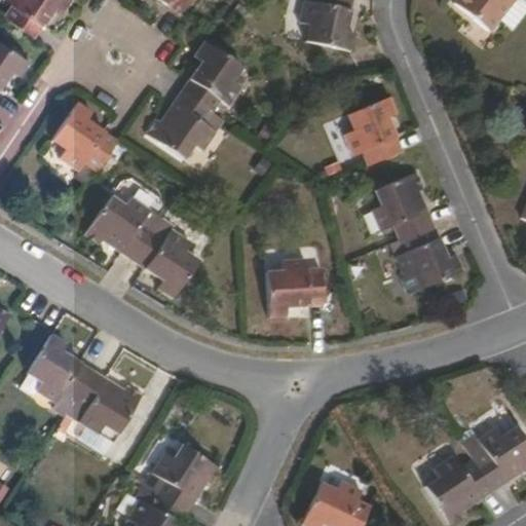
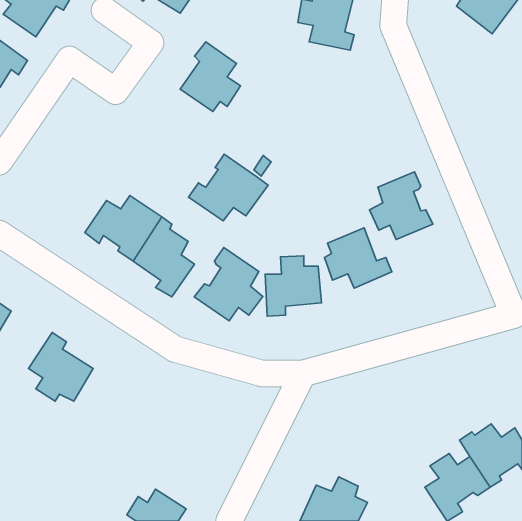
building: [145,89,225,156] -> [188,154,268,221]
building: [342,97,401,165] -> none
building: [55,102,118,172] -> none
building: [394,225,462,286] -> [324,228,392,288]
building: none -> [194,248,263,321]
building: [74,370,142,434] -> none
building: [151,446,220,511] -> none

